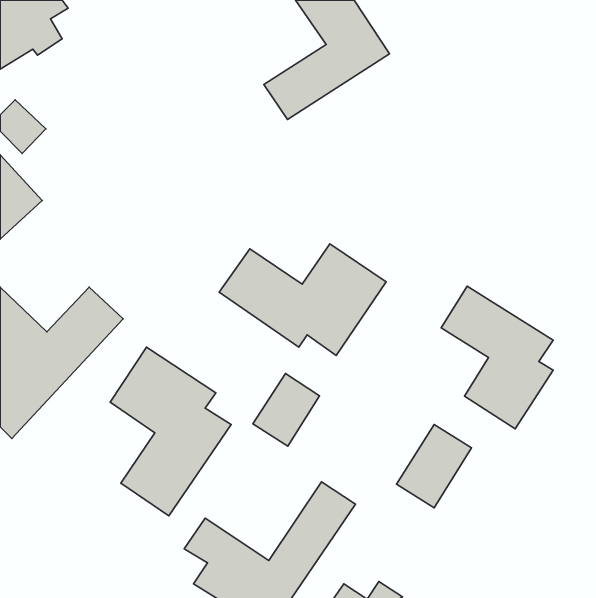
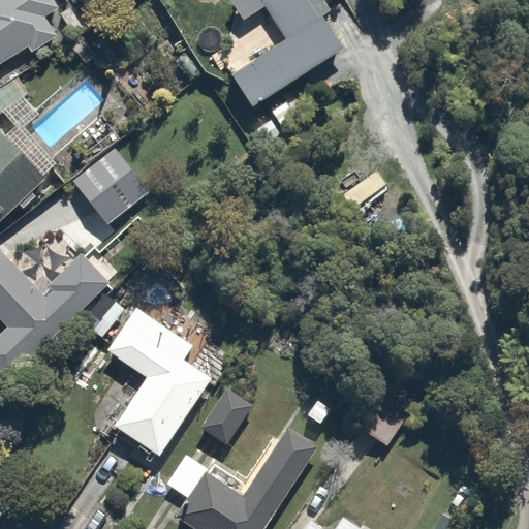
building: none -> [69,143,144,215]
building: [219,244,386,355] -> none
building: [441,286,553,429] -> none
building: [253,374,320,446] -> [196,383,255,447]

